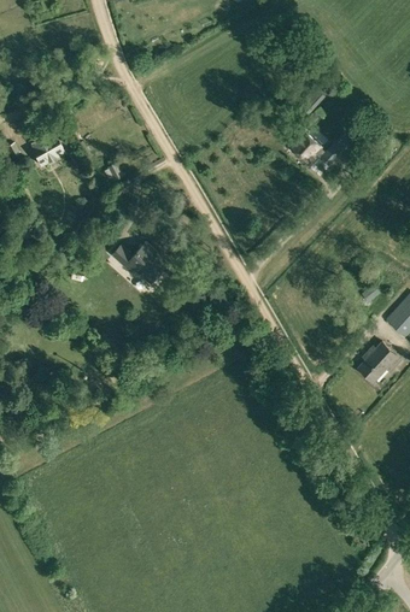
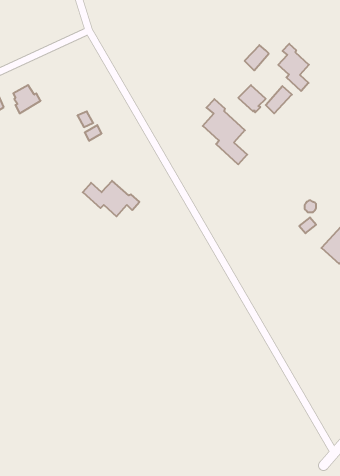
building: none -> [278,44,309,91]
building: none -> [203,99,247,164]
building: [356,341,399,382] -> none

